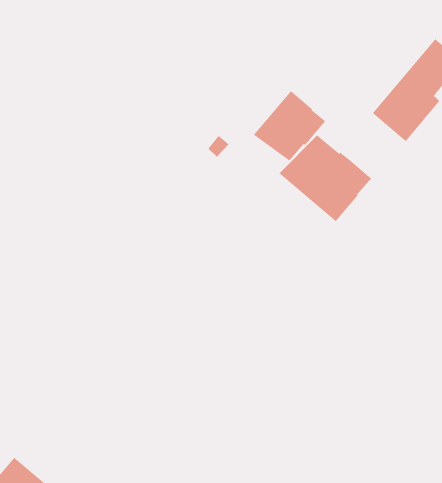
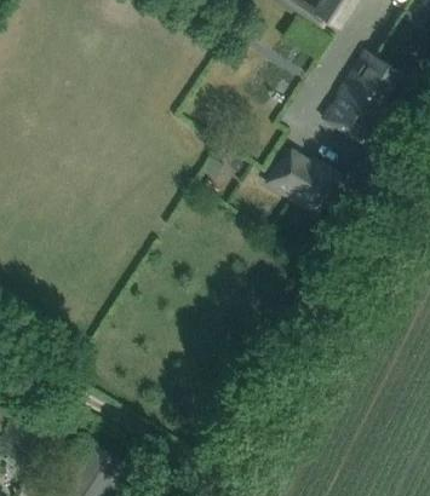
building: [253,90,326,161] -> none

